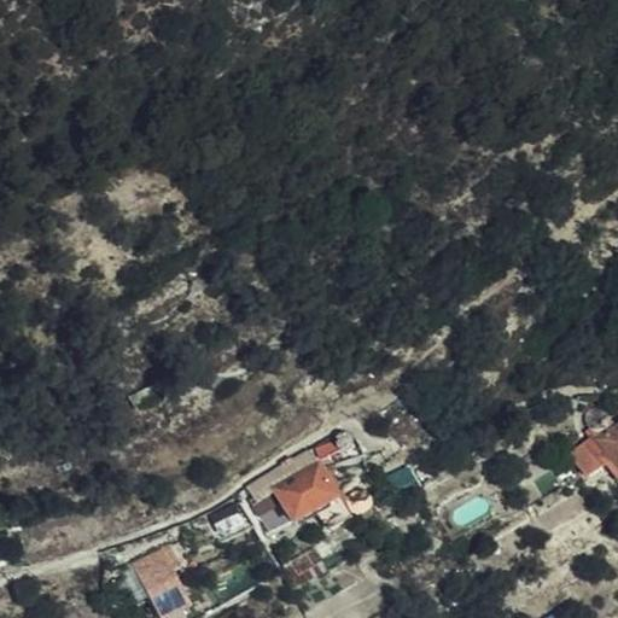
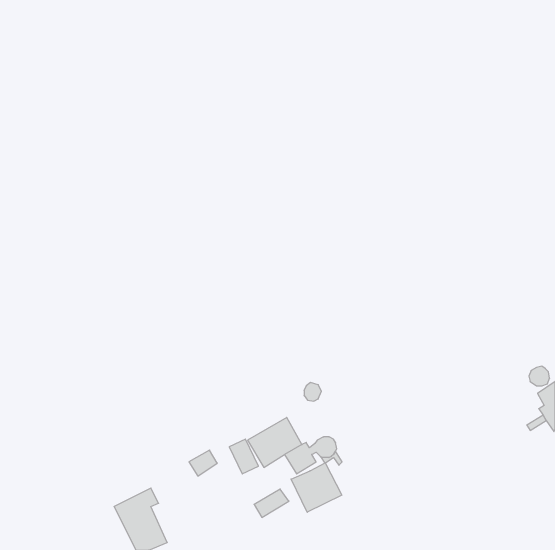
building: none -> [291,463,342,512]

